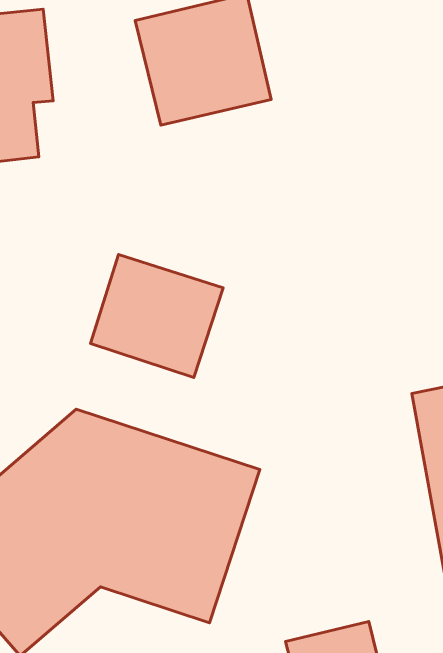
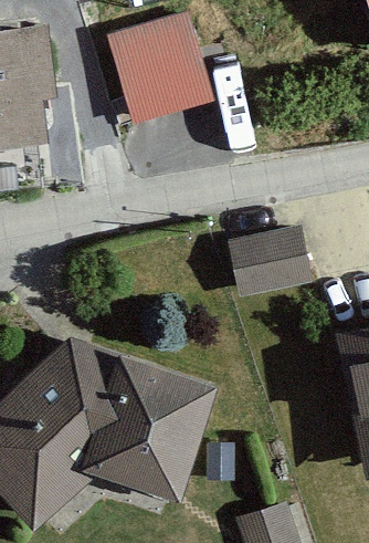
building: [90,255,223,378] -> none
building: none -> [231,226,316,296]

